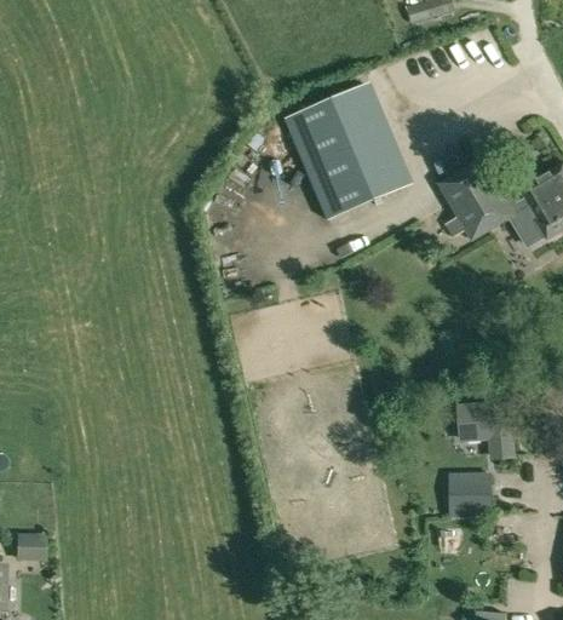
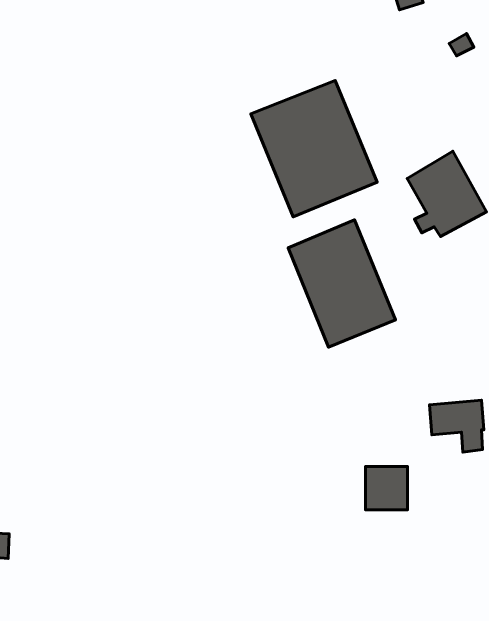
building: none -> [288,220,396,347]
building: [449,471,490,513] -> [365,466,408,510]

